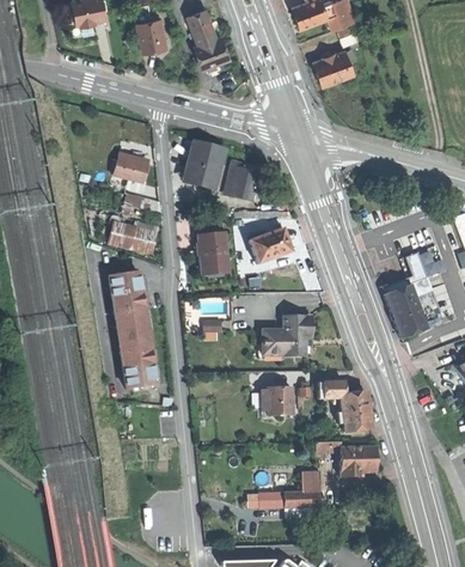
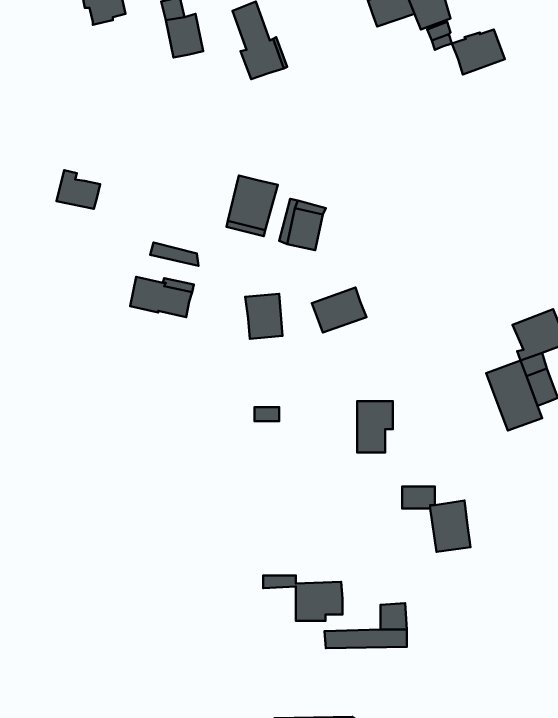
building: [313,50,354,85] -> [452,29,505,75]
building: [115,152,148,182] -> [57,170,100,209]
building: [110,270,160,389] -> none
building: [263,329,284,354] -> none
building: [269,386,293,415] -> none
building: [316,441,377,476] -> [263,576,343,621]

